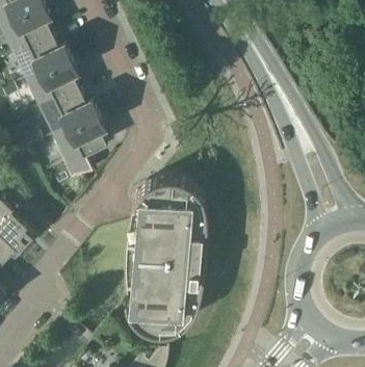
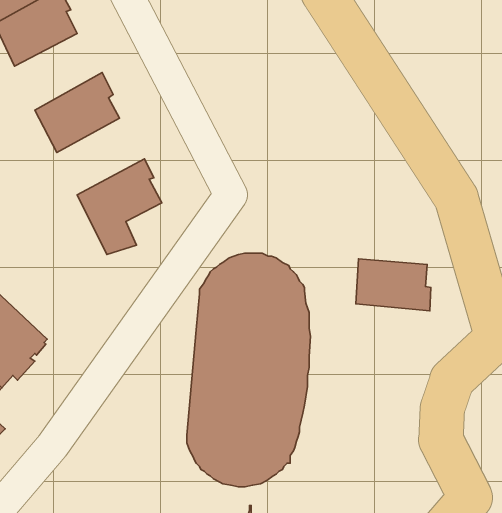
building: [12,30,71,81] -> none
building: [41,86,99,137] -> none
building: none -> [356,259,431,311]

